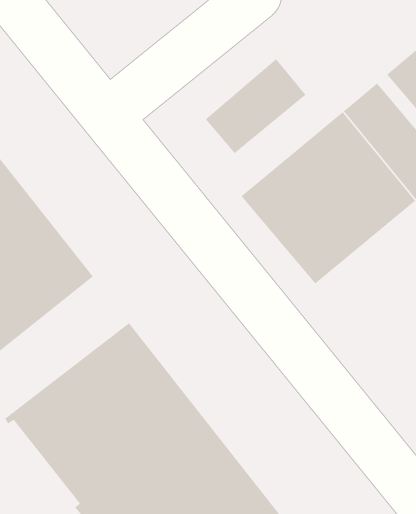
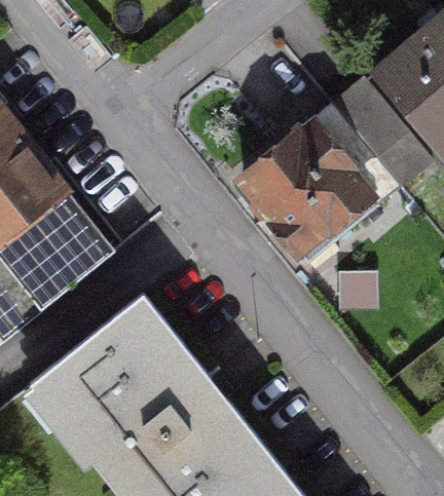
building: [205,58,306,154] -> none

